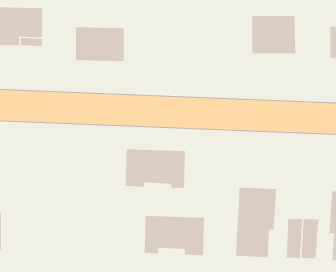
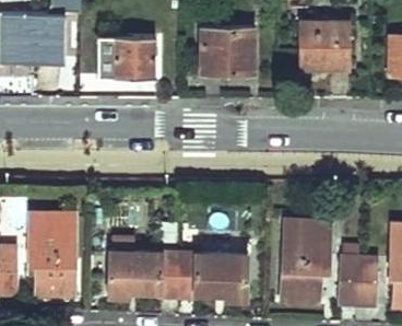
building: none -> [202,26,255,71]
building: [125,148,186,188] -> [108,251,178,296]
building: none -> [27,214,75,293]

